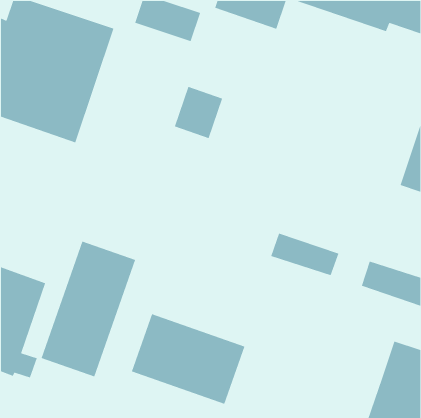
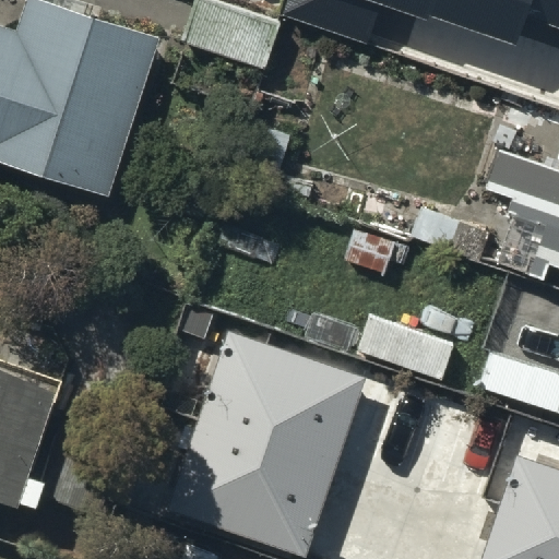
building: [41,241,136,377] -> none
building: none -> [201,335,355,463]

